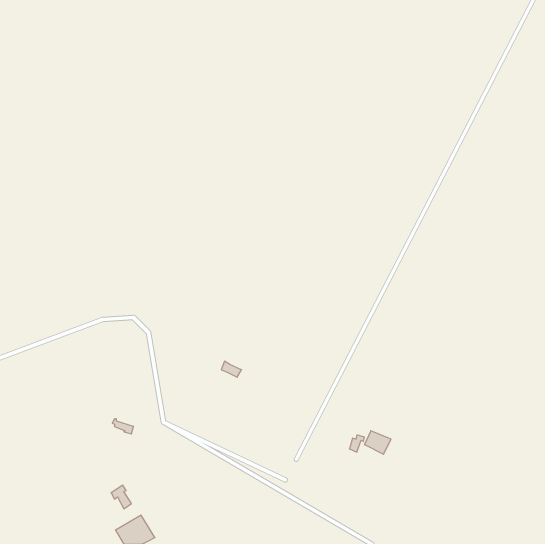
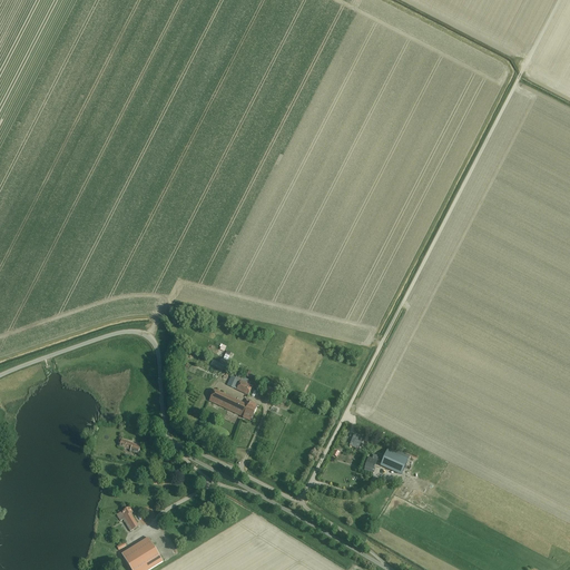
building: none -> [208,389,257,420]

